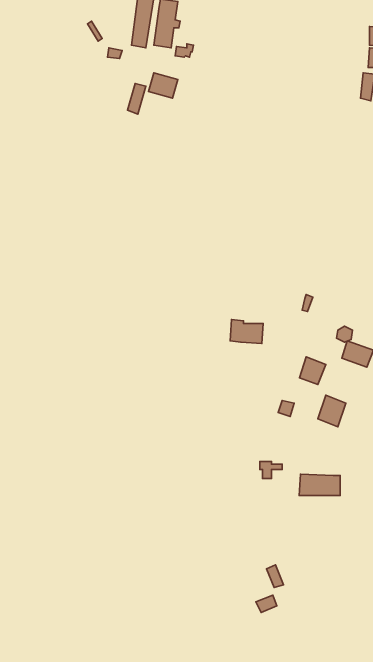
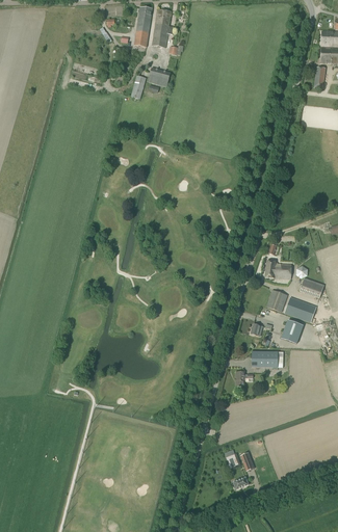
building: [230,320,263,344] -> [265,261,291,280]
building: none -> [284,297,316,323]
building: [299,474,340,496] -> [251,351,283,368]

